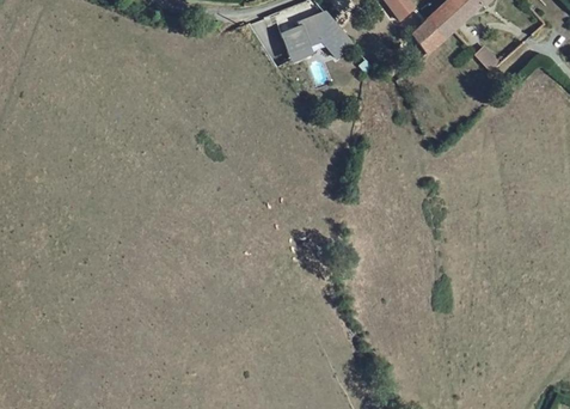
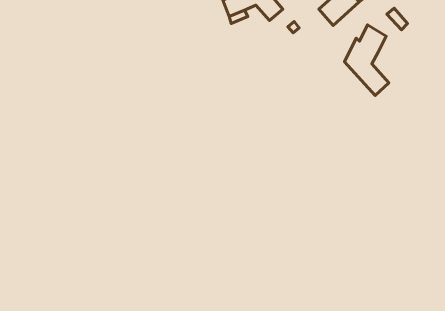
building: none -> [344,25,389,96]

